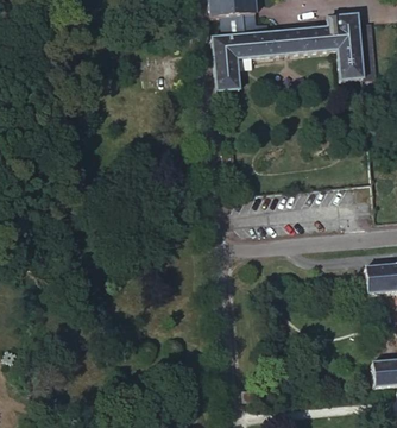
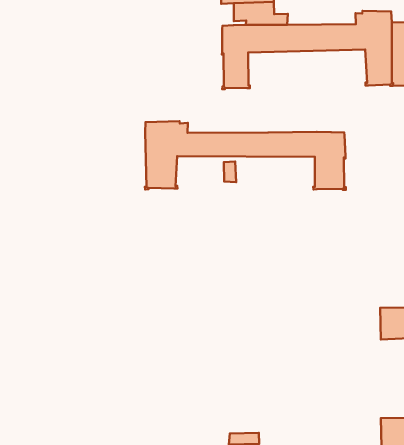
building: none -> [145,121,346,190]

